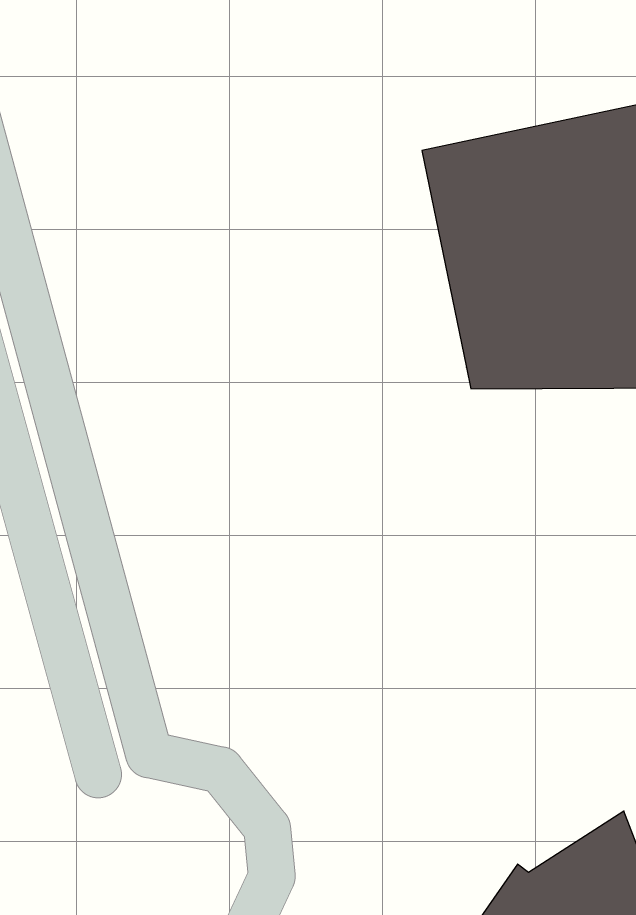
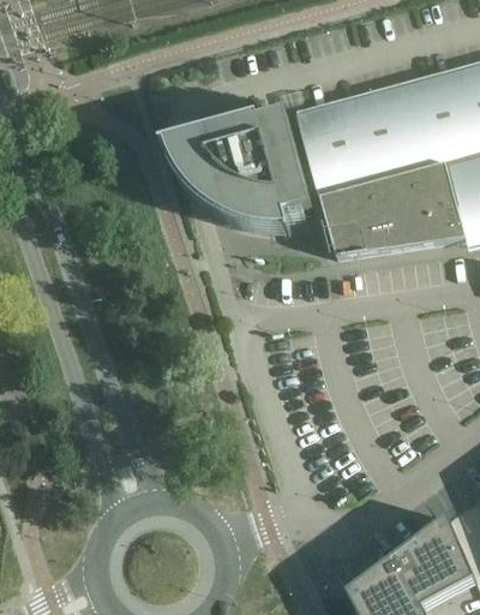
building: none -> [167,113,313,229]

